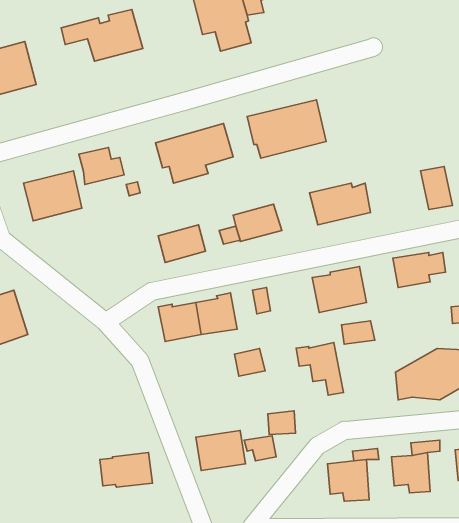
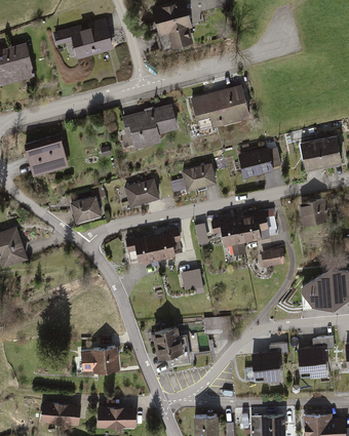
building: [79,148,124,185] -> none
building: none -> [299,138,324,171]
building: none -> [71,187,105,222]
building: [296,342,343,395] -> [210,217,245,256]

